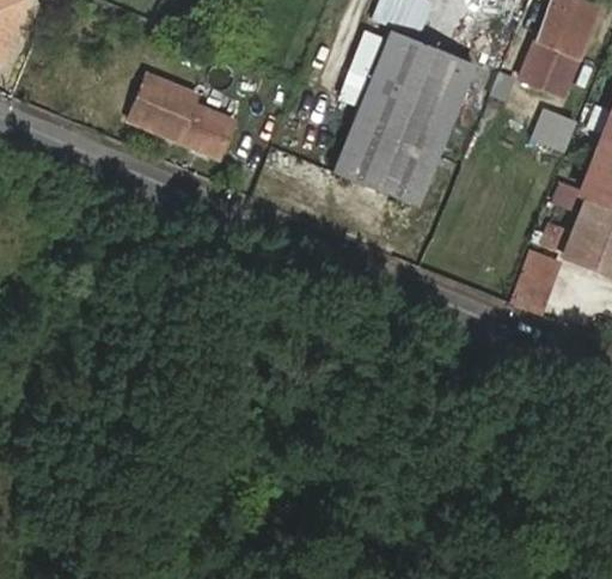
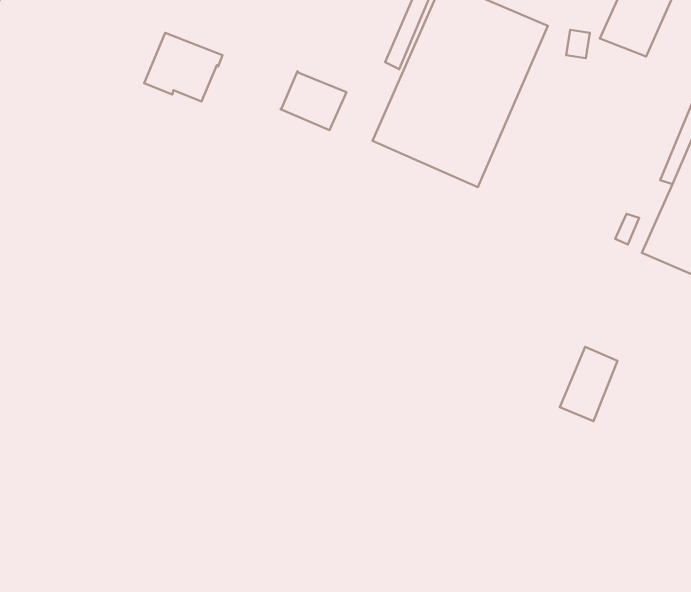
building: [182,102,238,152] -> [281,71,346,130]
building: [530,110,574,153] -> none
building: [504,251,553,315] -> [560,347,617,421]

